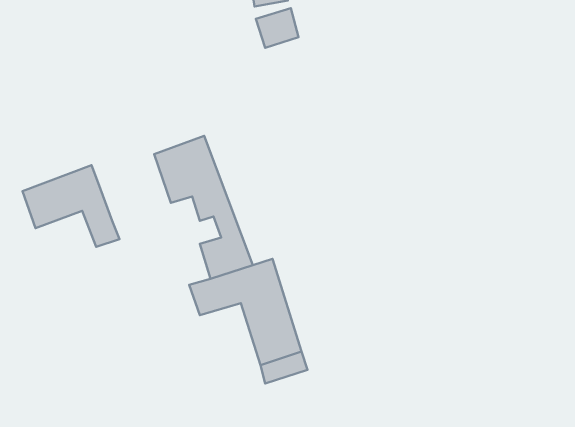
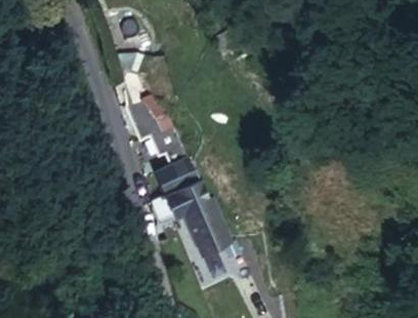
building: [22,165,120,247] -> none

